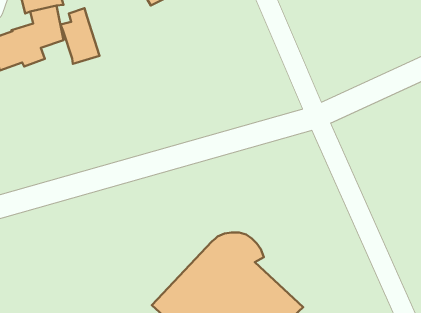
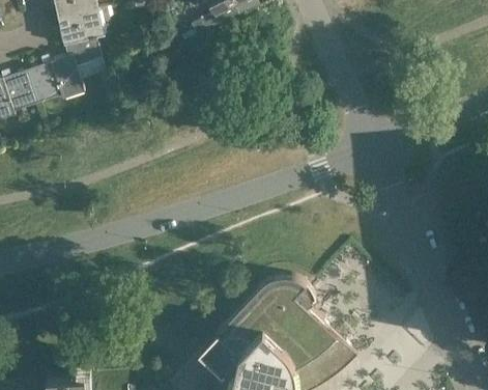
building: [60,8,99,64] -> none

